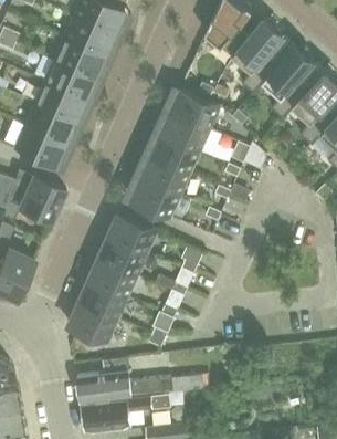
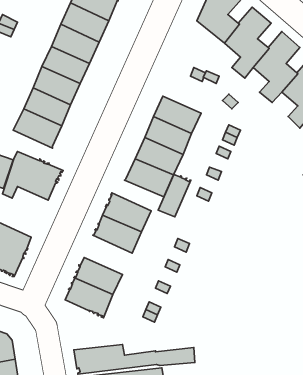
building: [170,88,220,129] -> none
building: none -> [158,174,191,217]
building: [88,257,138,297] -> none

